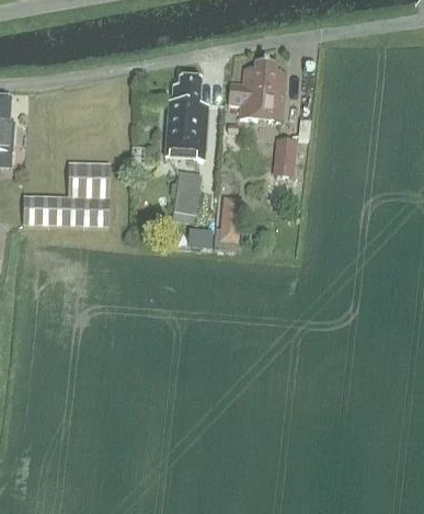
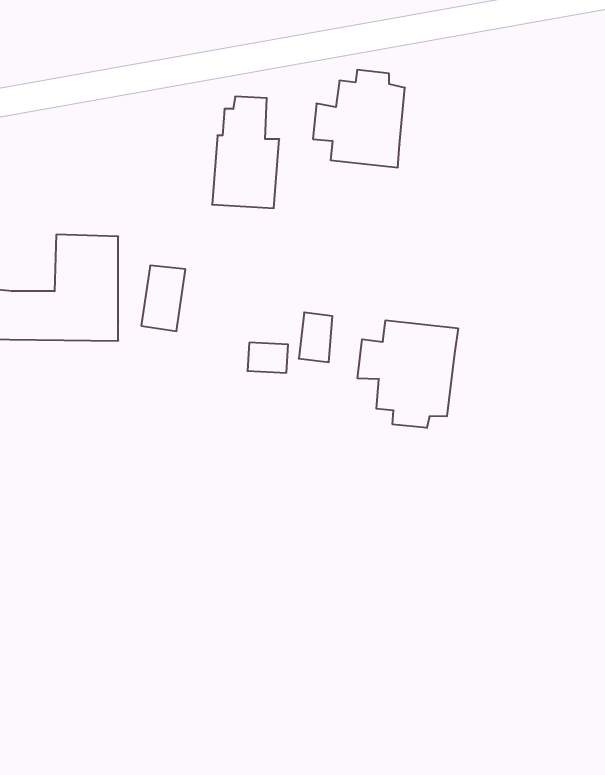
building: [274,134,299,173] -> none
building: [172,172,199,213] -> [141,266,185,331]
building: none -> [358,320,458,428]

